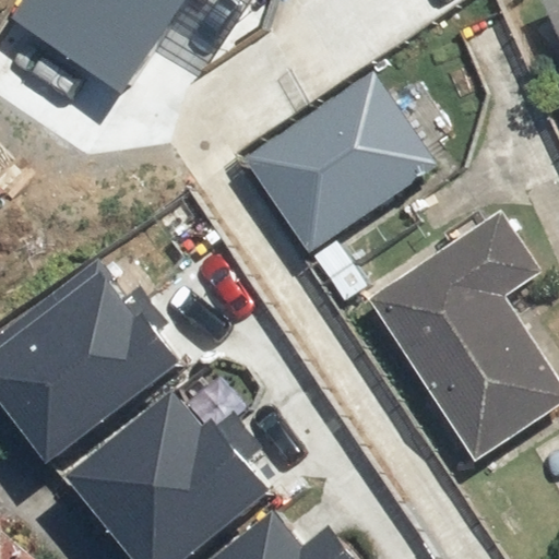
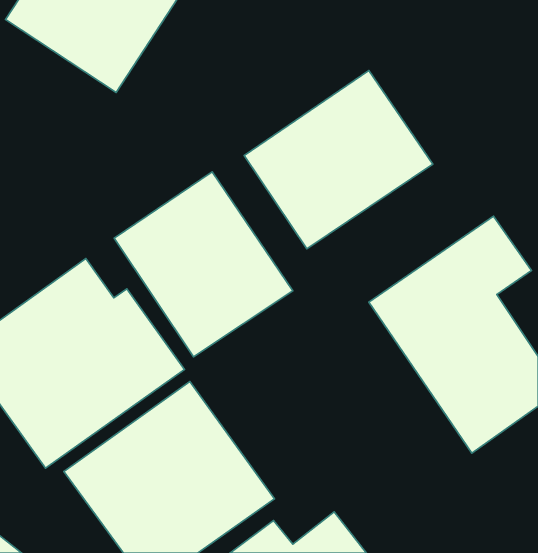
building: none -> [114,172,293,357]

